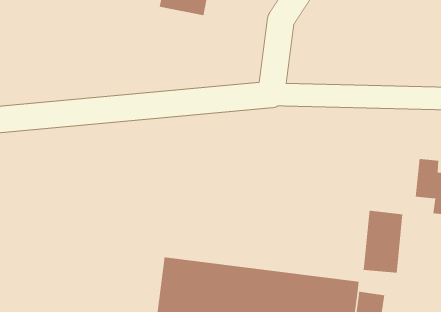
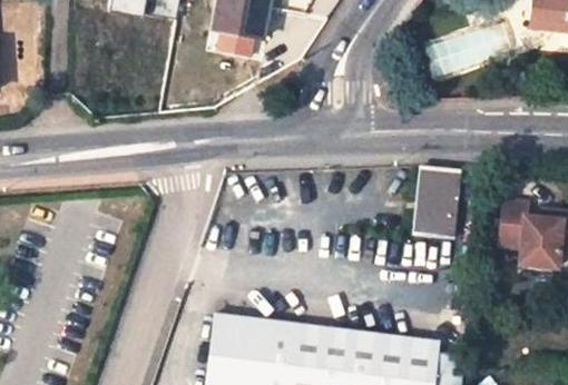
building: [363,210,403,273] -> [415,167,461,238]

